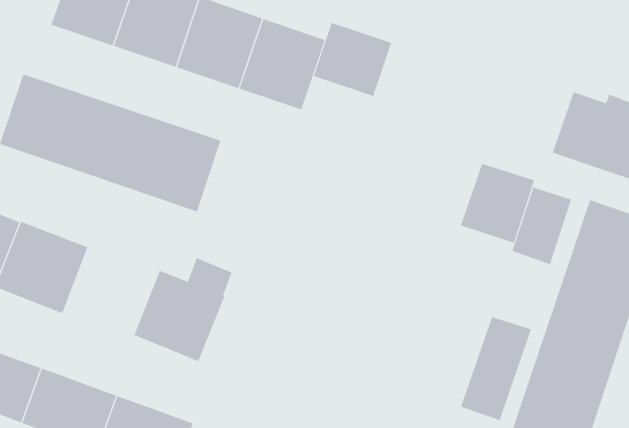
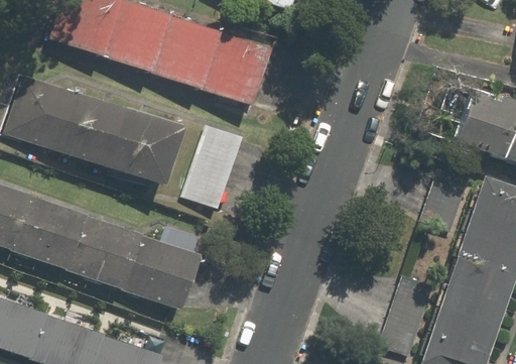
building: [313,22,392,97] -> none
building: none -> [187,122,247,207]
building: [460,163,535,243] -> none
building: none -> [61,215,137,288]

